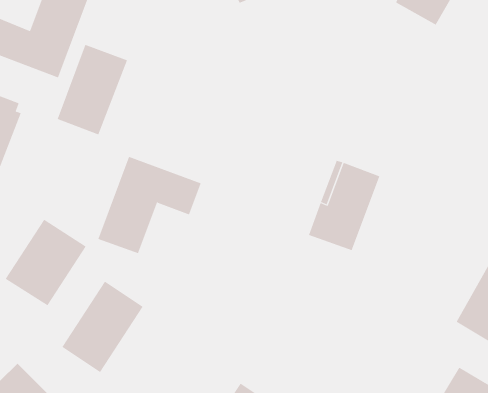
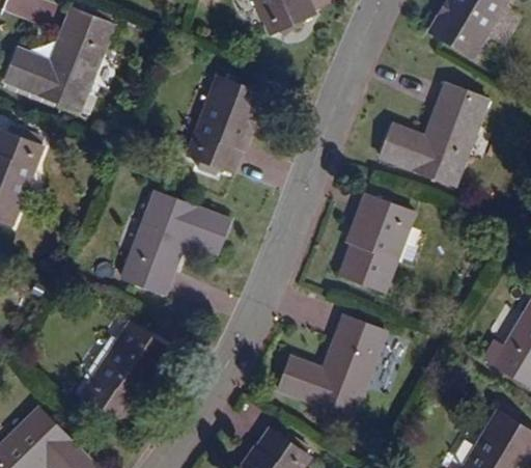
building: [57,44,128,135] -> [188,77,261,171]
building: none -> [381,82,487,185]
building: [5,219,87,306] -> none
building: none -> [279,315,386,417]

